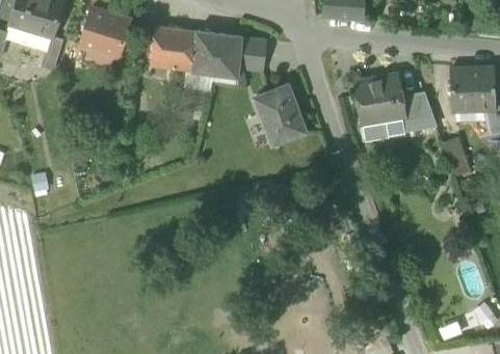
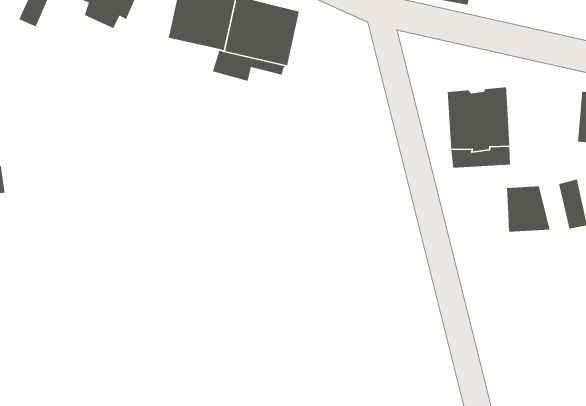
building: [239,37,265,71] -> none
building: [255,85,306,144] -> none
building: [401,93,437,130] -> [506,185,550,232]

